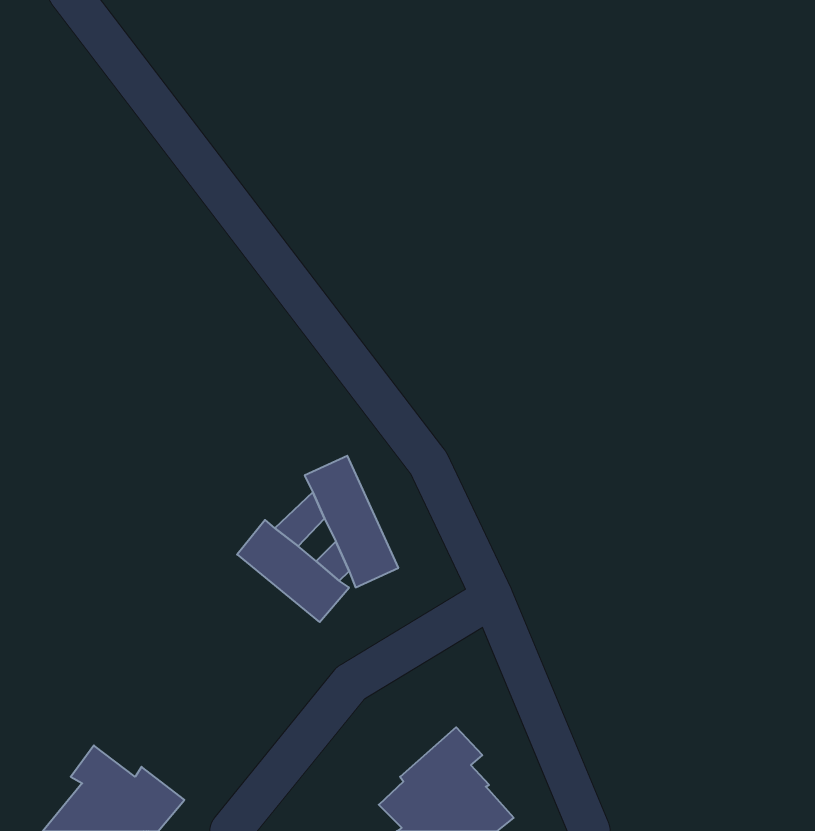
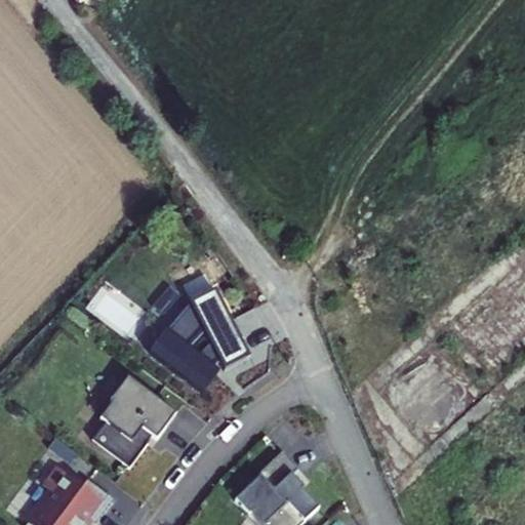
building: none -> [94,374,179,466]

